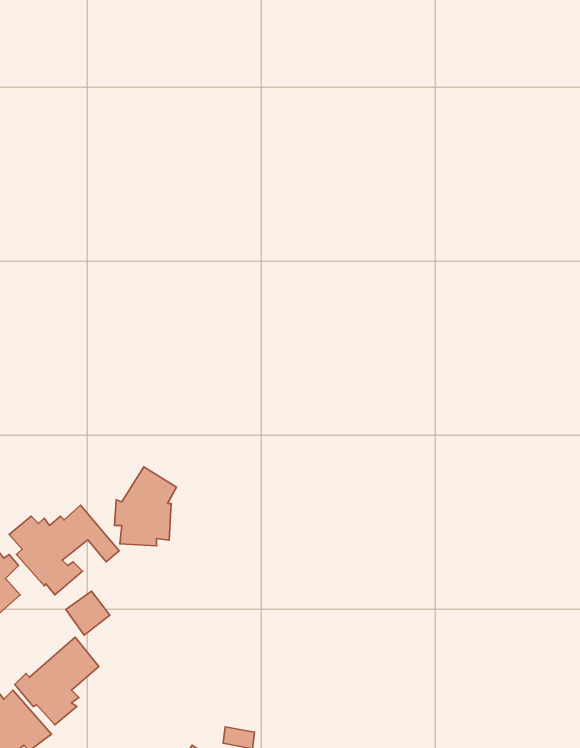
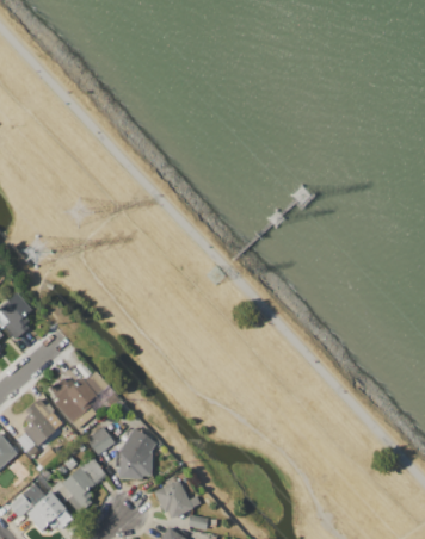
building: [114,467,177,546] -> [116,429,156,481]
building: none -> [154,477,202,519]

